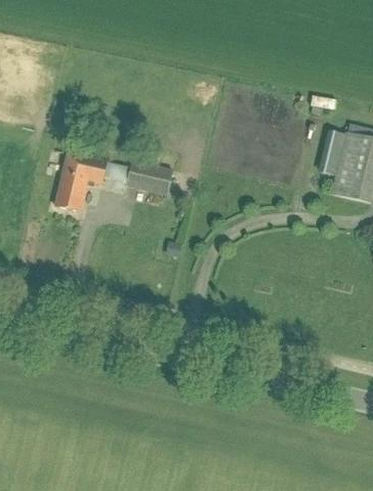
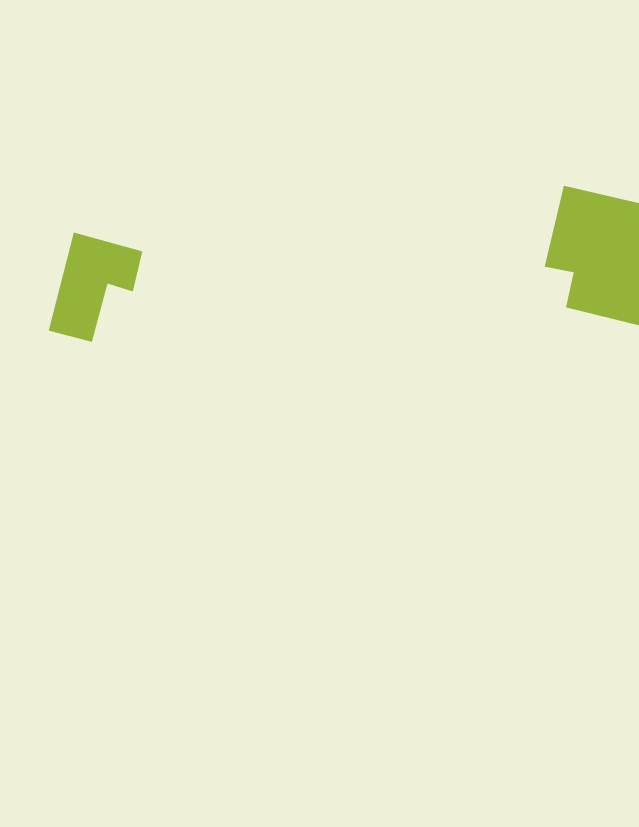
building: [126,158,174,194] -> none

